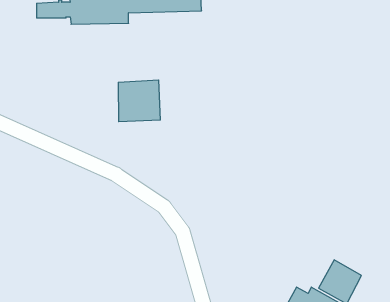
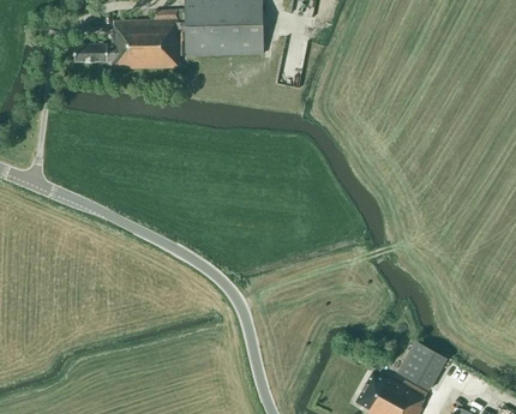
building: [118,80,160,122] -> none

